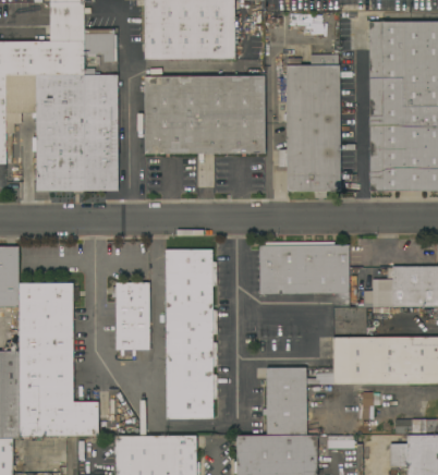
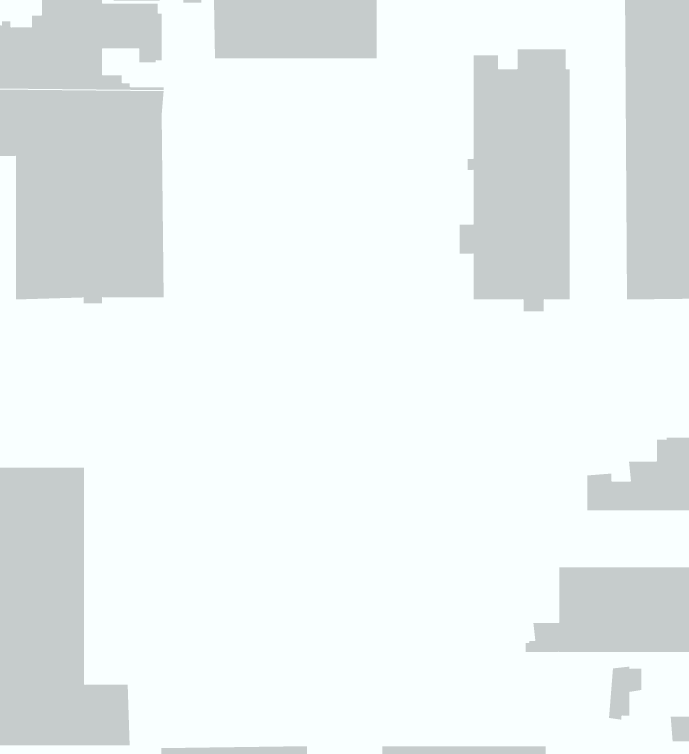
building: [144,76,265,154] -> none
building: [257,242,349,294] -> none
building: [166,251,217,421] -> none
building: [111,283,149,350] -> none
building: [263,367,306,436] -> none

